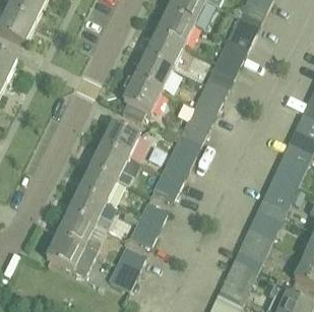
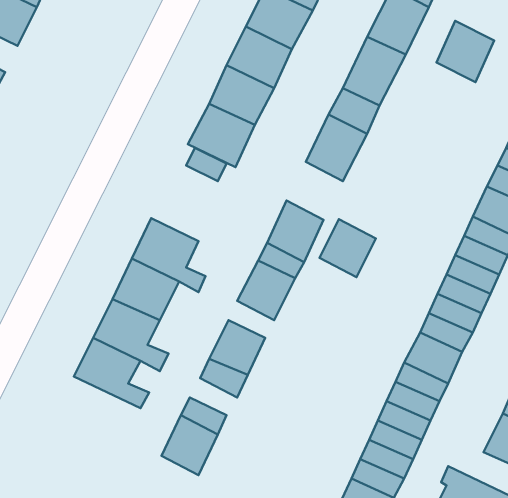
building: none -> [436,21,494,82]
building: [180,110,212,143] -> [320,219,376,277]
building: [102,122,139,155] -> none
building: [46,234,96,275] -> none

